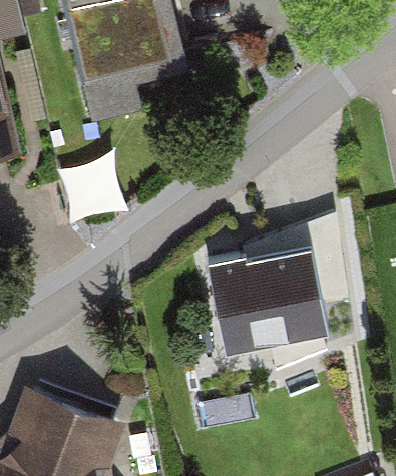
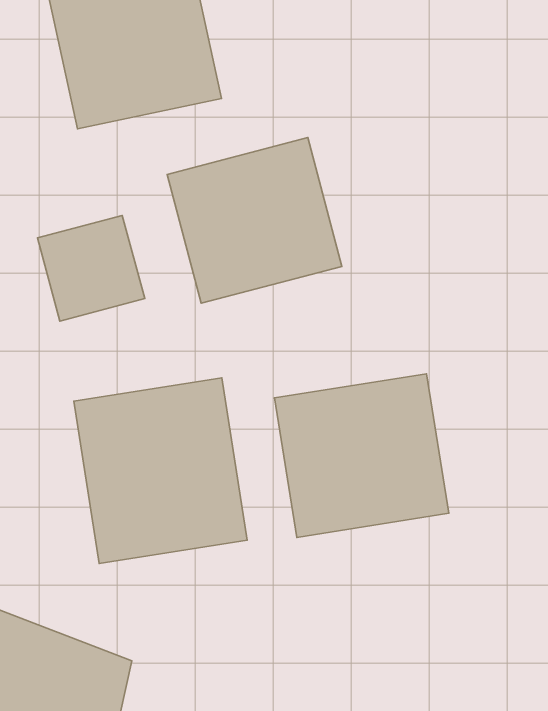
building: none -> [167,138,342,303]
building: none -> [74,378,247,564]

